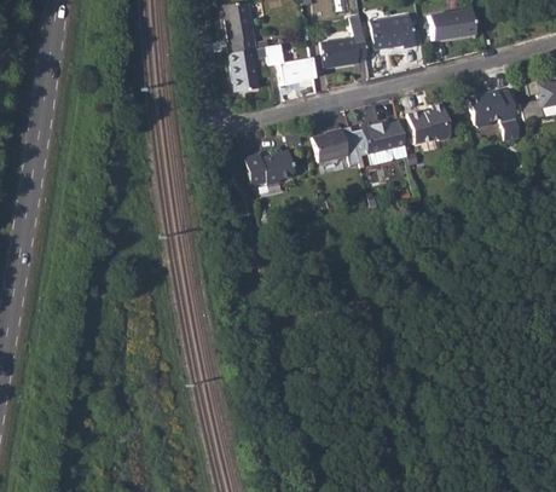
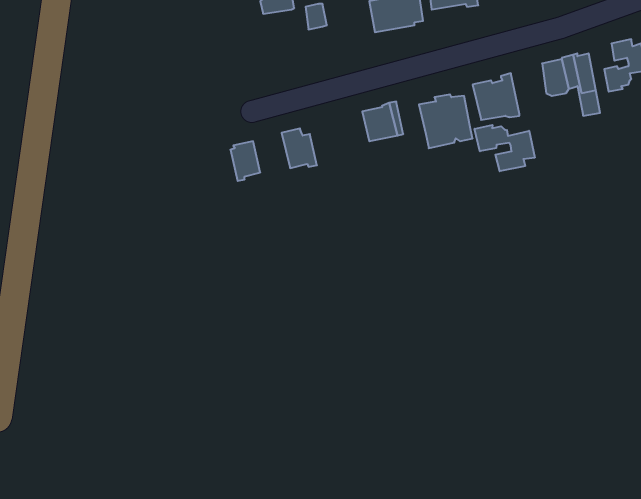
building: [228,50,260,93] -> none
building: [282,58,315,86] -> none
building: none -> [475,125,535,171]
building: [271,149,296,183] -> [230,141,260,181]

